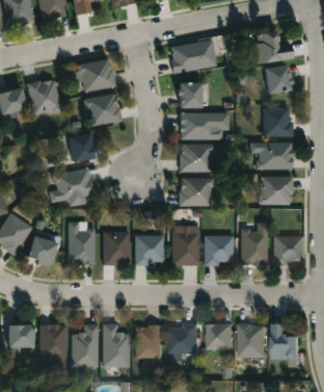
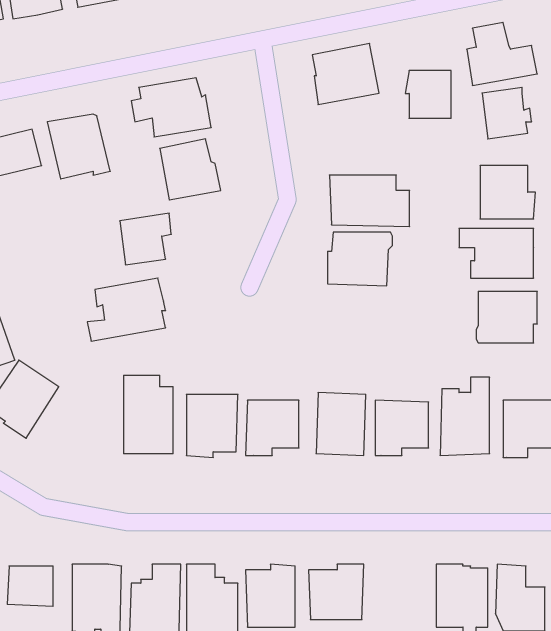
building: [174,82,199,108] -> [405,71,451,118]
building: [179,178,213,206] -> none
building: [24,230,55,266] -> none
building: [207,324,233,350] -> none

